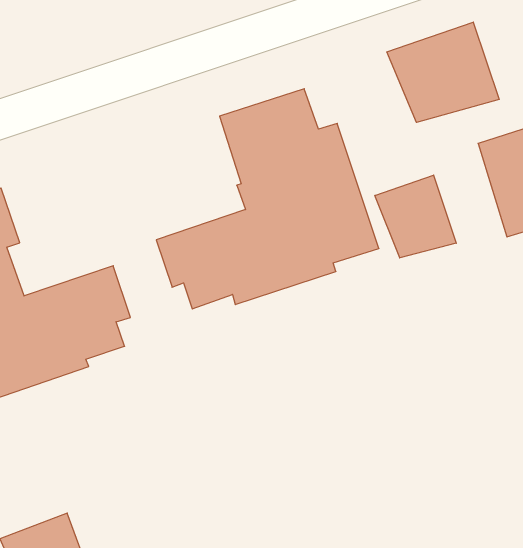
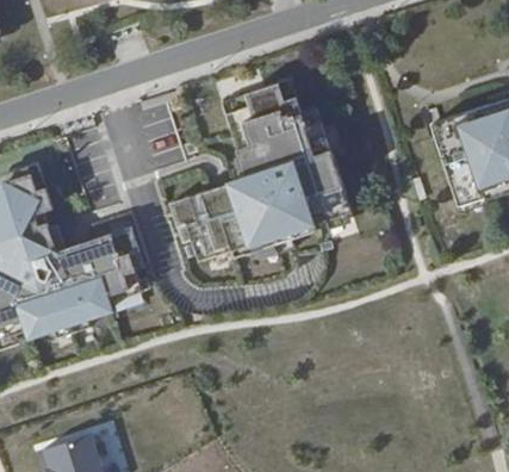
building: [387,22,499,122] -> none
building: [375,175,456,258] -> none

